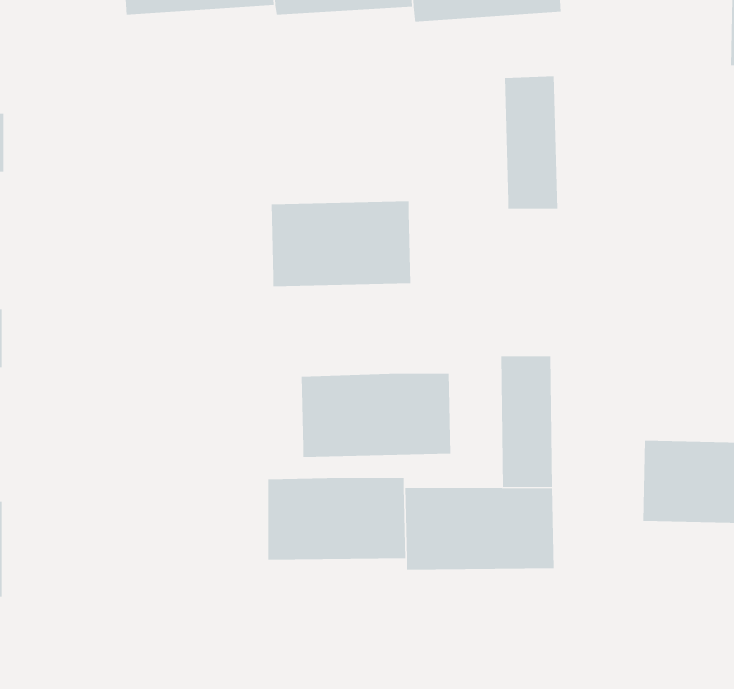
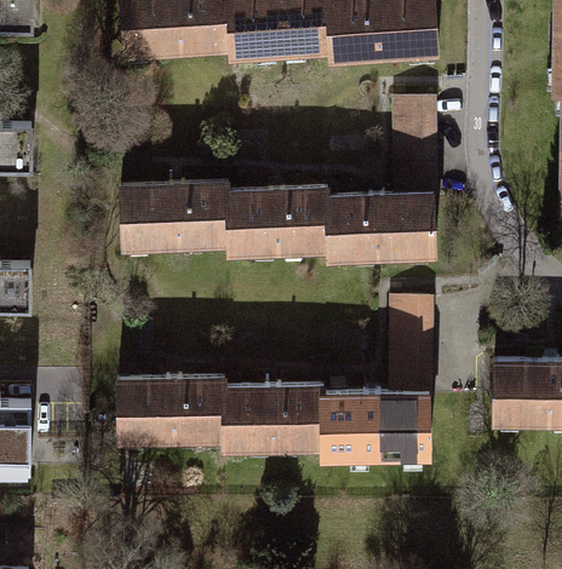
building: none -> [119,185,226,247]
building: [301,373,451,457] -> [325,196,432,257]
building: none -> [114,379,223,438]

